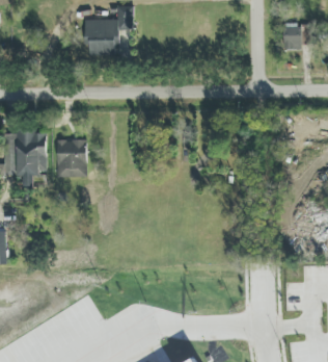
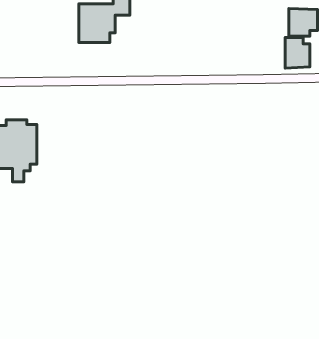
building: none -> [285,38,310,68]
building: [56,138,86,177] -> none

